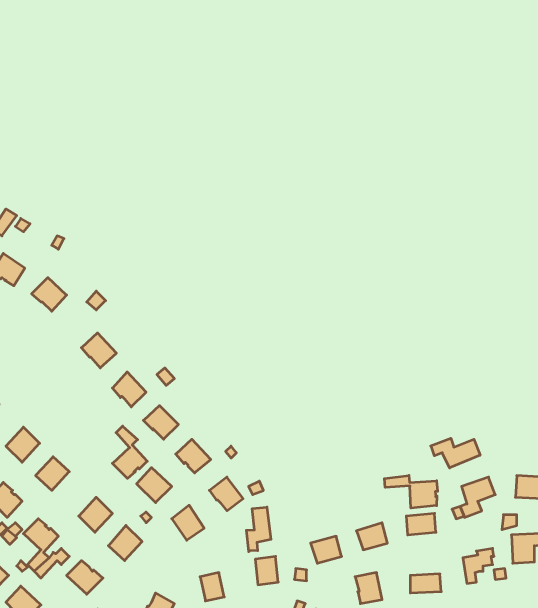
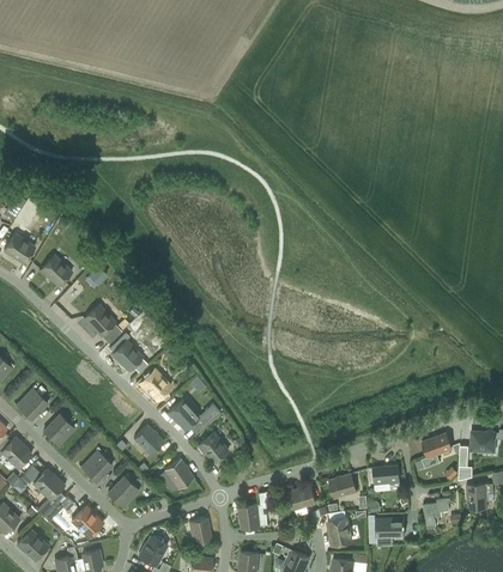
building: [112,426,147,478] -> none
building: [431,438,480,468] -> none
building: [384,475,438,508] -> none
building: [246,507,271,552] -> none

